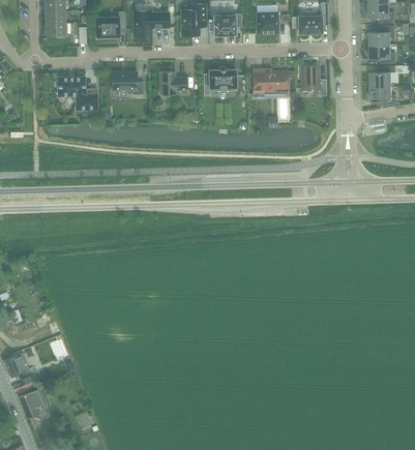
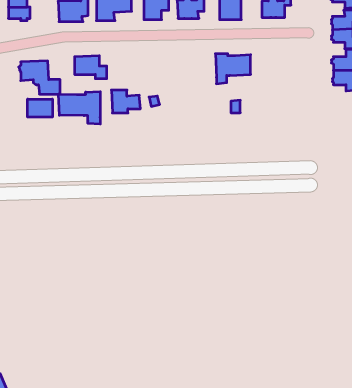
building: [302,65,327,95] -> none
building: [204,69,236,90] -> none
building: [159,71,188,94] -> [111,90,140,113]
building: none -> [59,92,100,124]
building: none -> [28,99,52,117]

